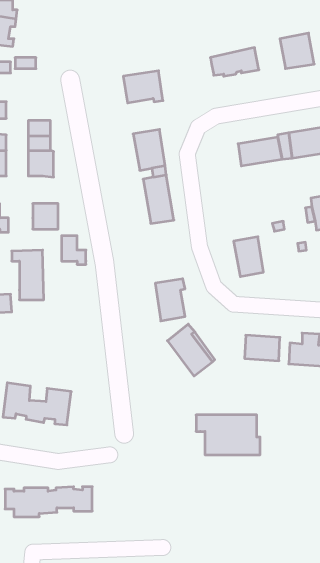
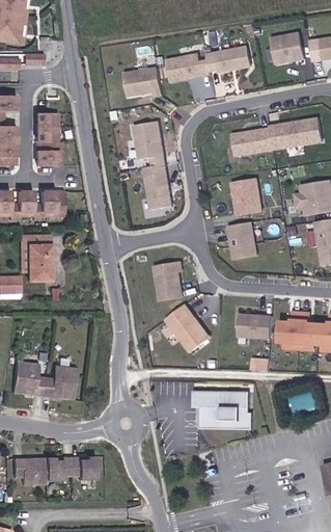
building: none -> [166,53,210,82]
building: none -> [231,179,261,215]
building: [62,236,86,264] -> [16,191,38,218]

